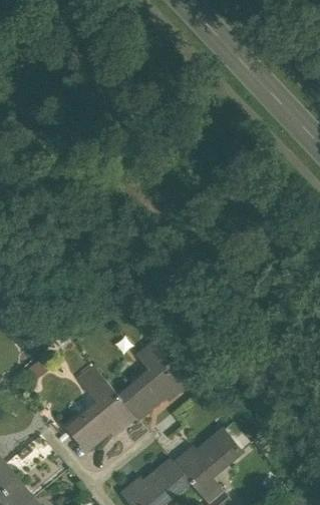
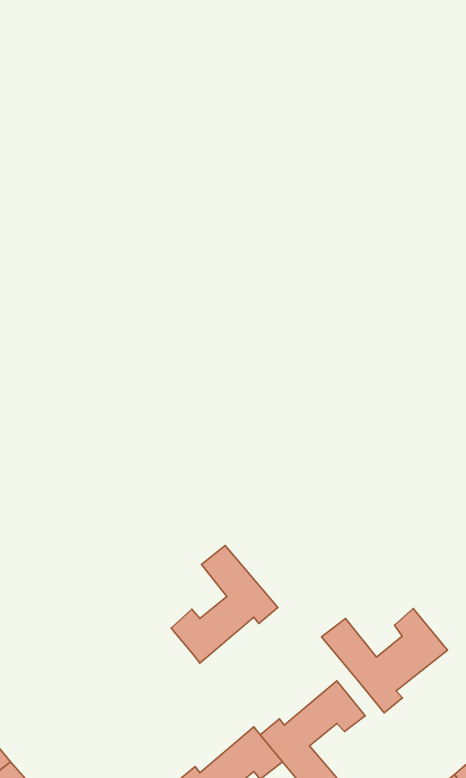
building: [67,376,133,450] -> none
building: none -> [322,609,448,713]

